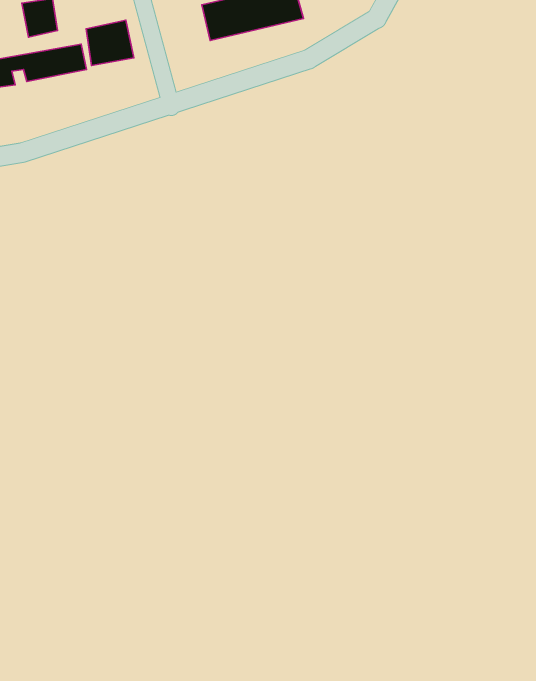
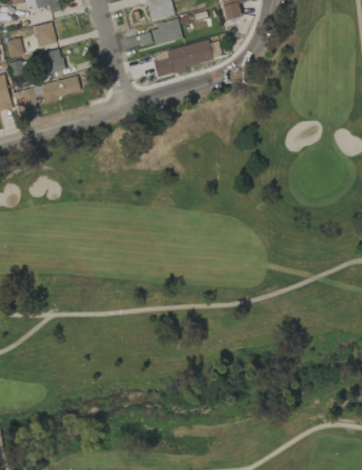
building: [86,20,134,65] -> none

